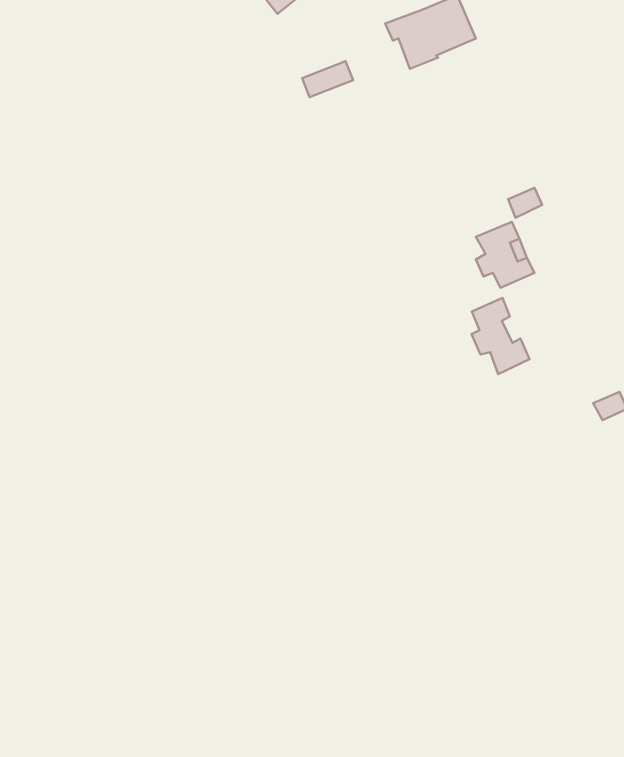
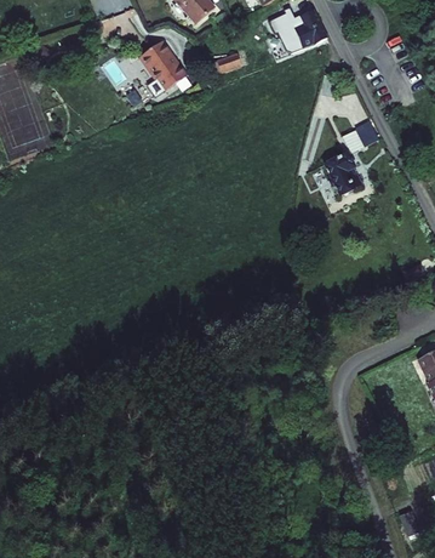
building: none -> [137,38,188,96]
building: [471,298,530,374] -> none

